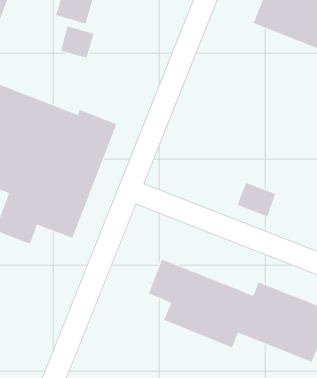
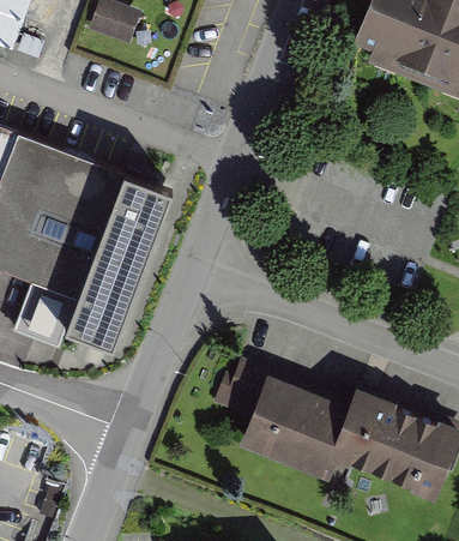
building: [61,25,94,59] -> none
building: [237,182,276,217] -> none

